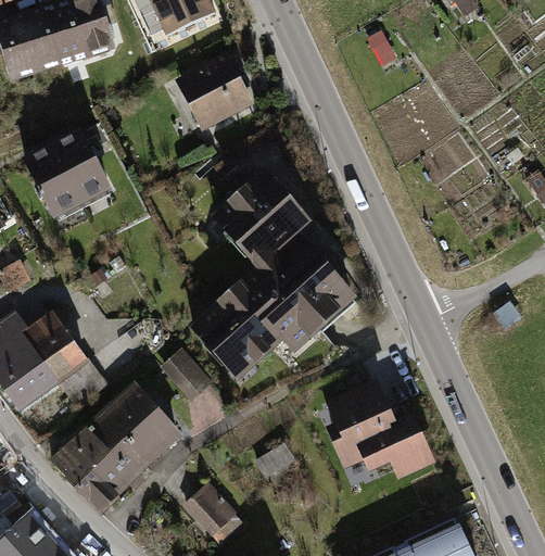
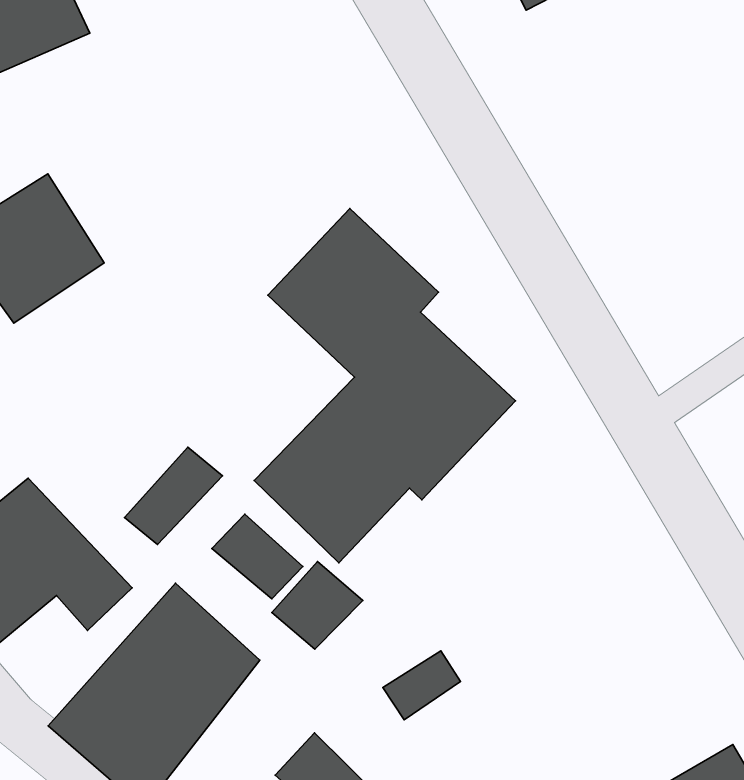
building: [175,51,254,129] -> none
building: none -> [125,447,222,545]
building: none -> [272,562,363,649]
building: [329,387,430,479] -> none

